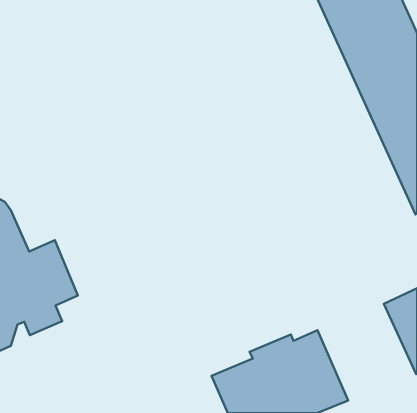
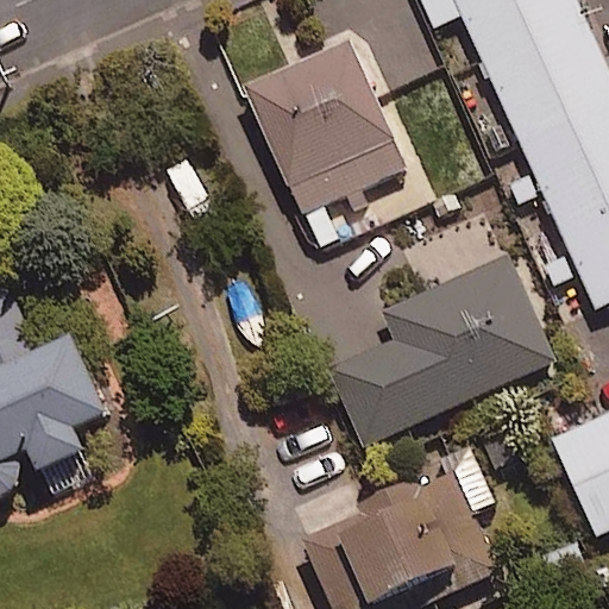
building: none -> [244,43,395,190]
building: none -> [329,255,555,446]

